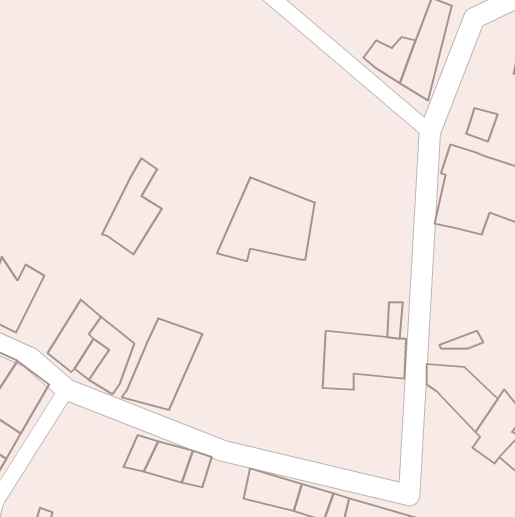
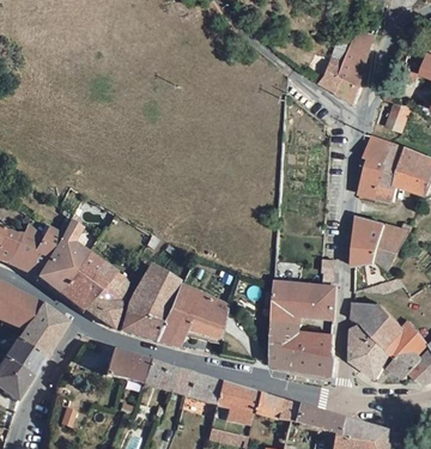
building: [102,158,162,255] -> [43,222,89,295]
building: [217,177,315,261] -> [159,280,233,344]
building: none -> [357,219,414,271]
building: none -> [274,321,336,376]
building: none -> [352,323,391,377]
building: none -> [105,351,135,381]
building: none -> [184,374,220,405]

